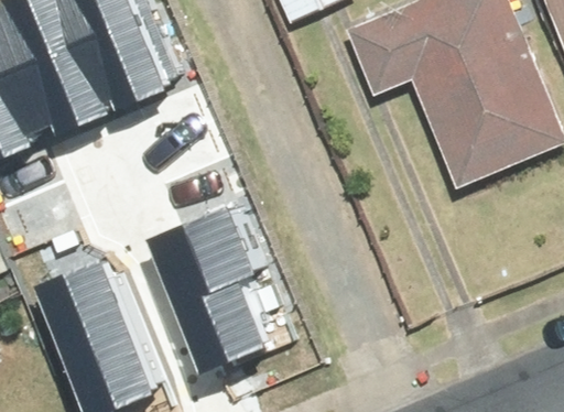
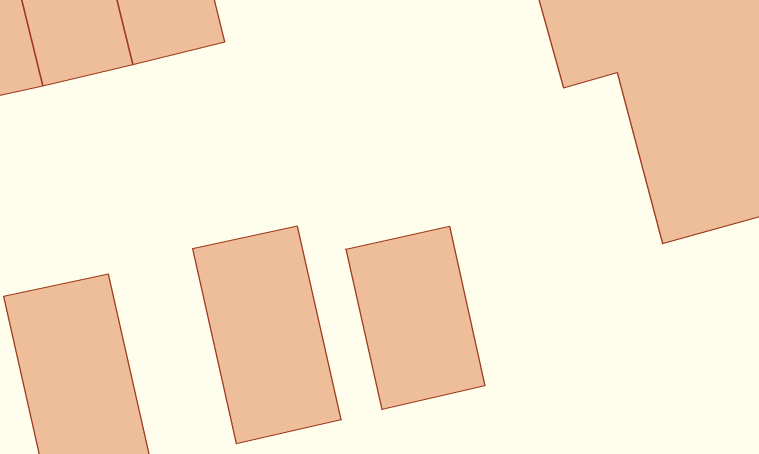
building: none -> [346,226,485,410]

